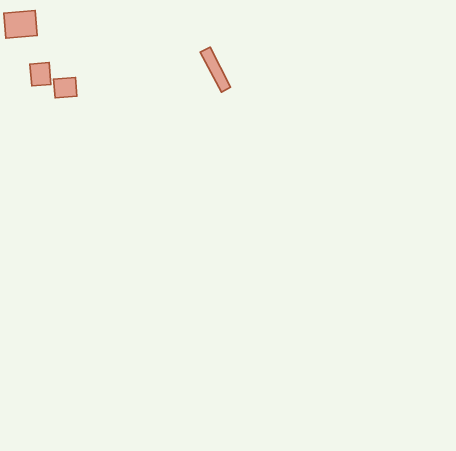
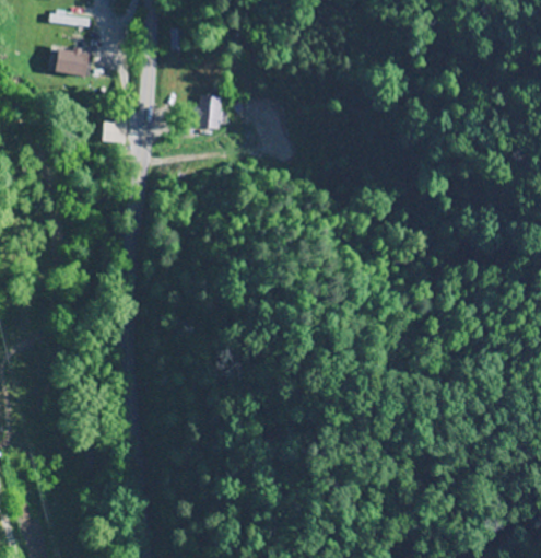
building: none -> [199,98,219,126]
building: [30,62,51,86] -> none

